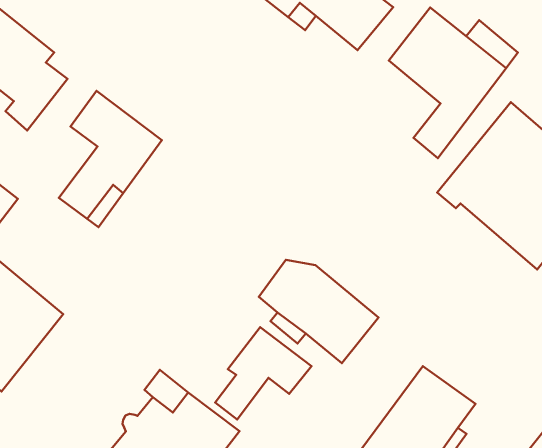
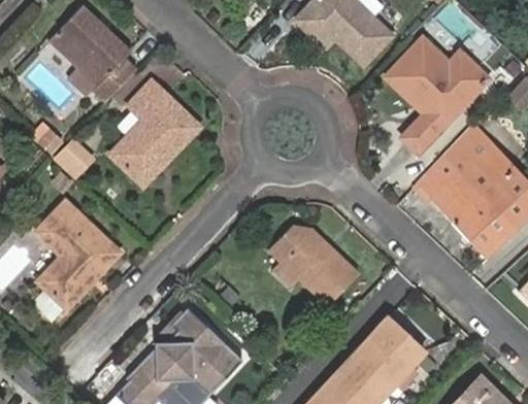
building: [215,327,311,420] -> none

